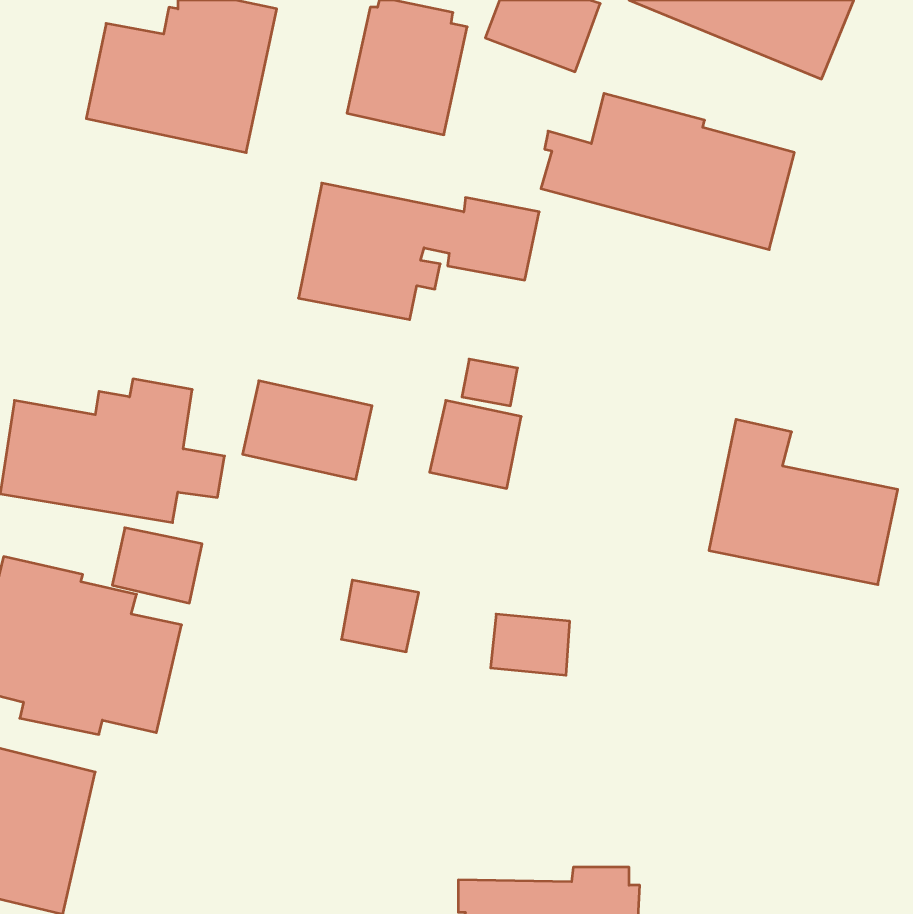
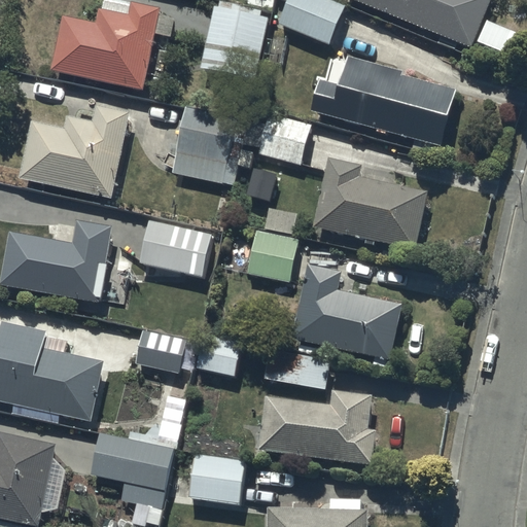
building: none -> [17,104,130,197]
building: none -> [312,156,427,250]
building: [709,419,898,585] -> [293,265,401,359]
building: [112,528,202,603] -> [134,330,185,374]
building: none -> [258,391,374,463]
building: none -> [91,433,173,508]
building: none -> [188,454,247,505]

